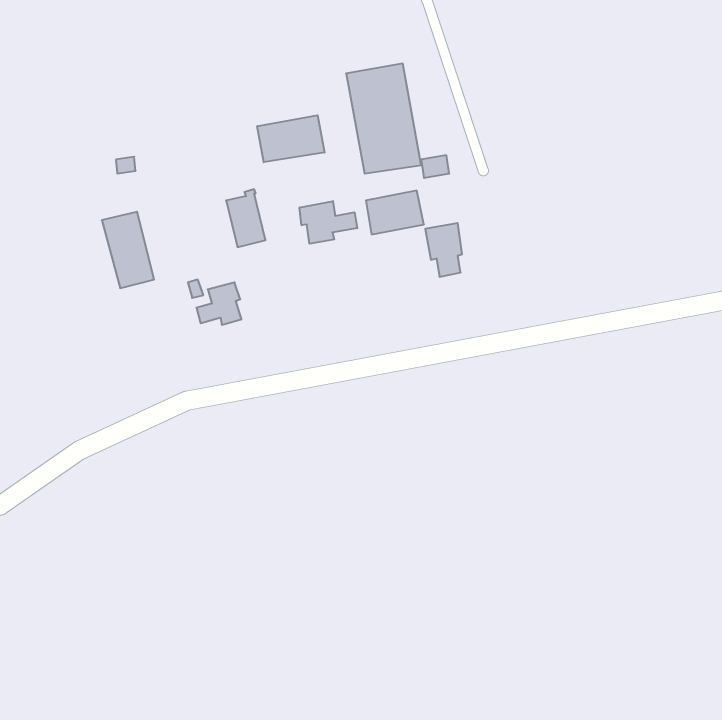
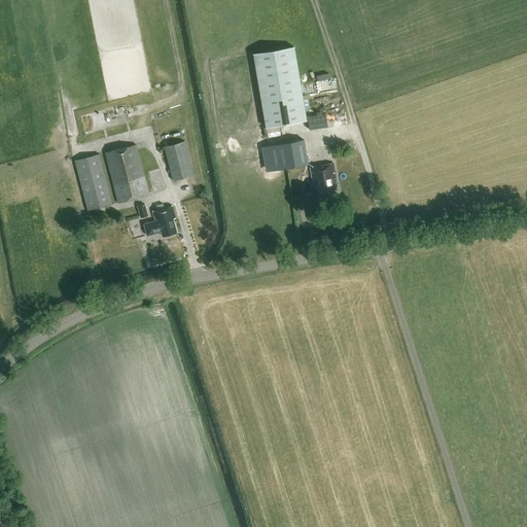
building: [257,115,325,162] -> none
building: none -> [104,146,149,204]
building: [300,201,357,244] -> none

